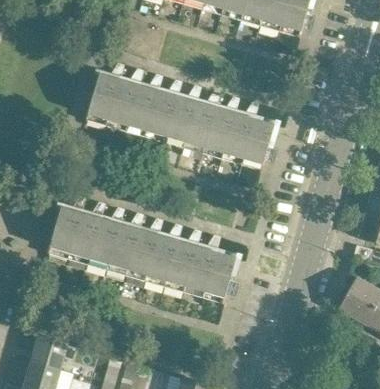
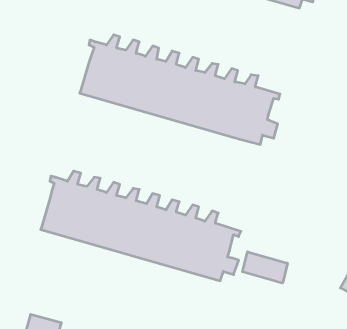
building: none -> [242,252,287,283]

